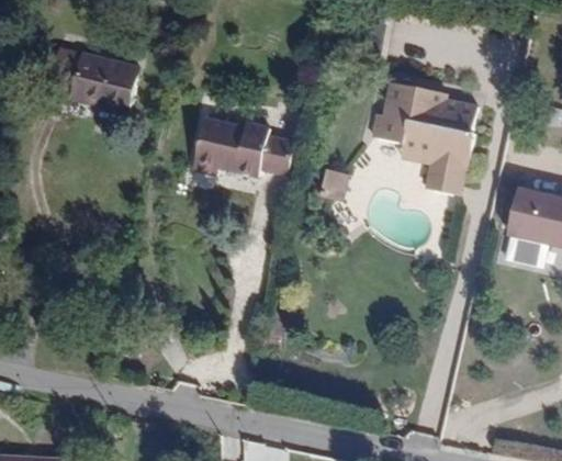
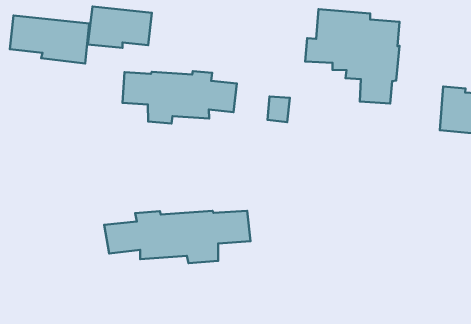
building: none -> [88,7,152,48]
building: none -> [104,211,250,263]

